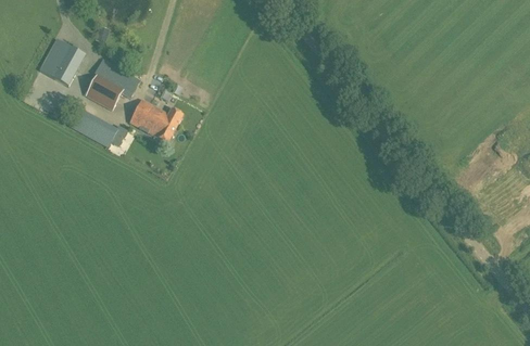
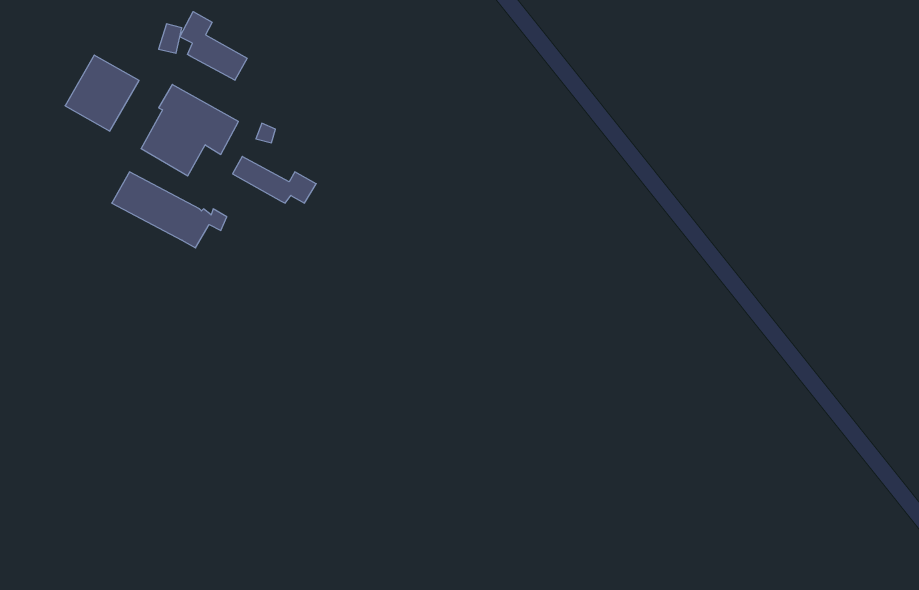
building: none -> [180,12,247,80]
building: [128,108,175,142] -> none

